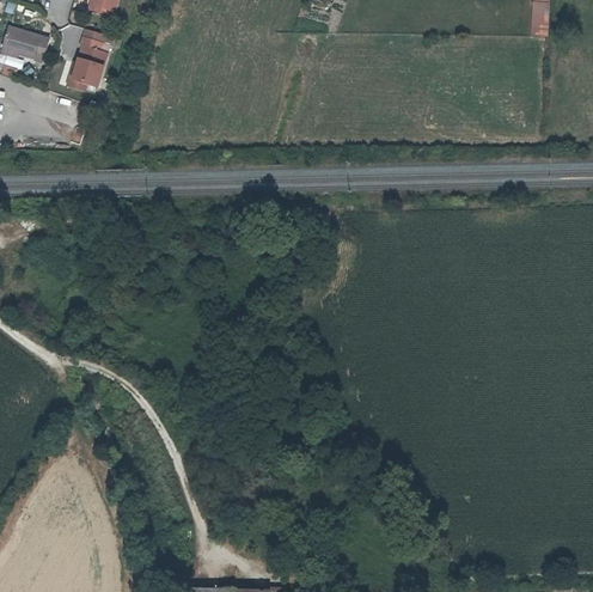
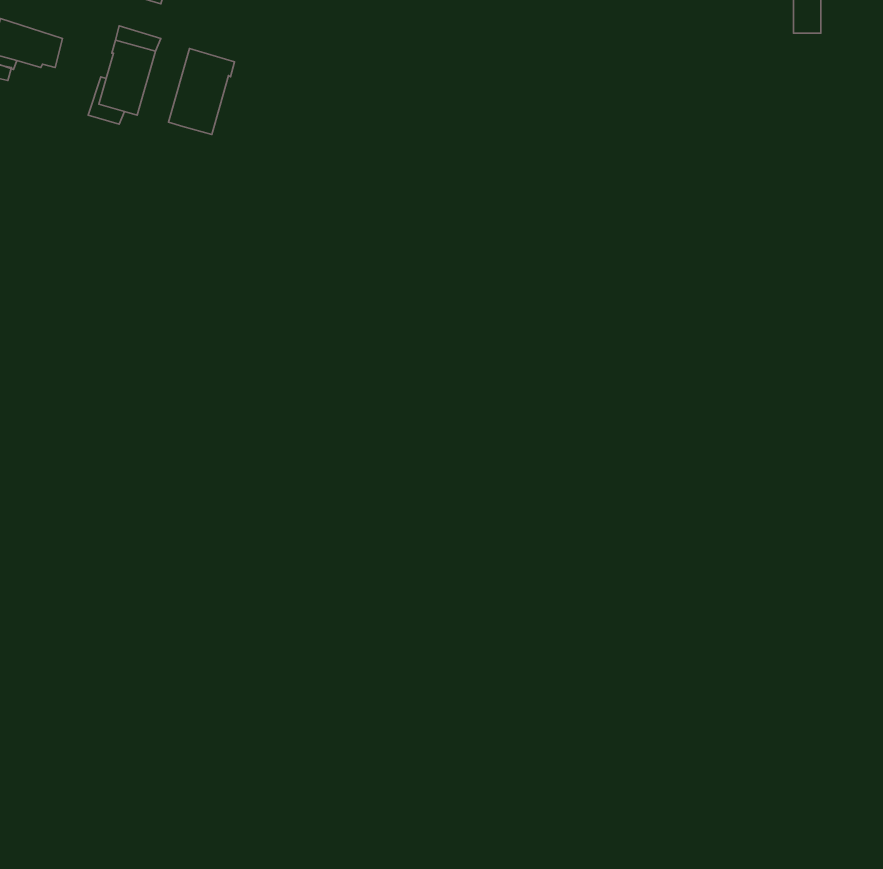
building: none -> [169,49,235,135]

